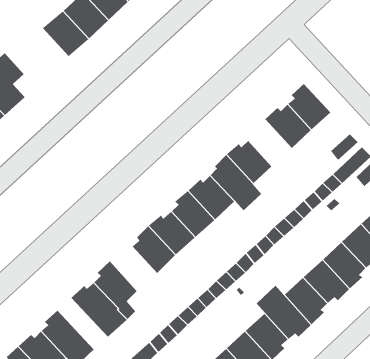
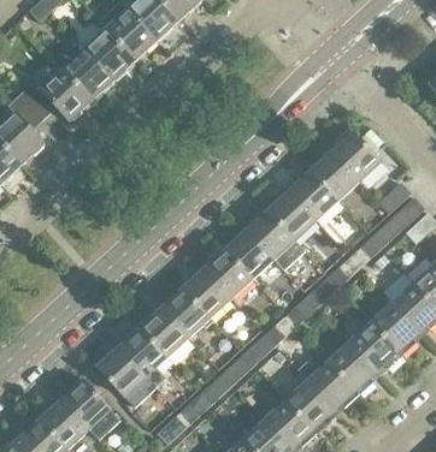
building: none -> [22,69,92,121]
building: none -> [289,168,337,220]
building: none -> [137,308,189,357]

